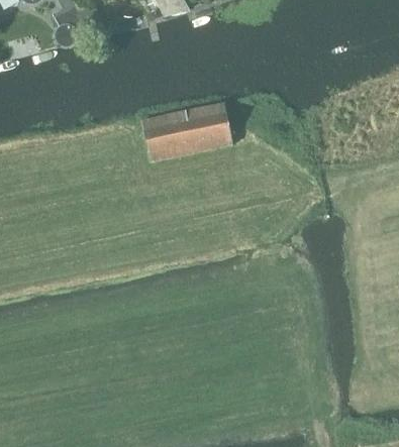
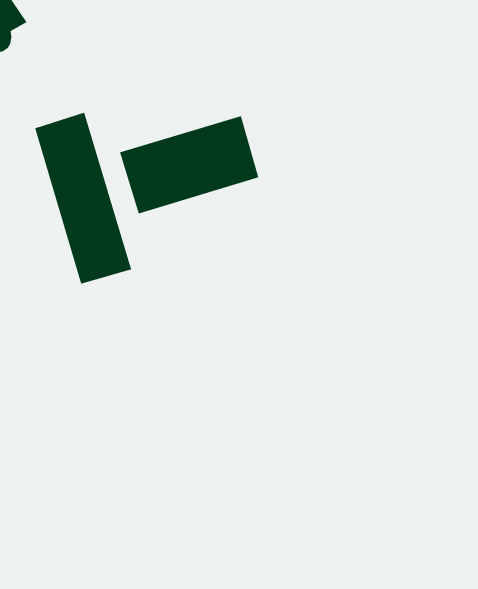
building: none -> [35,112,132,284]

